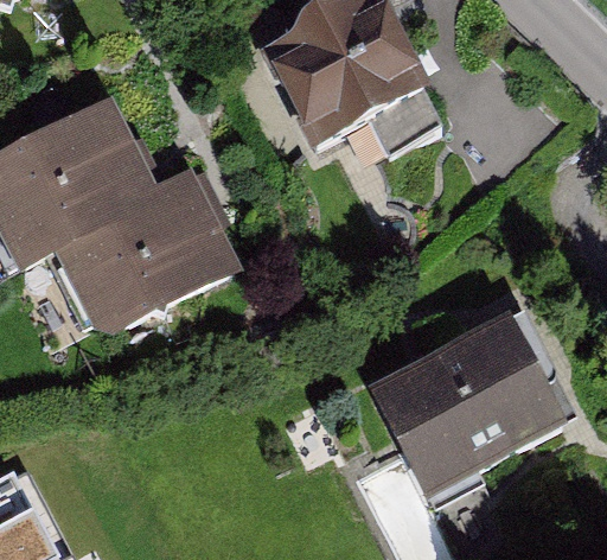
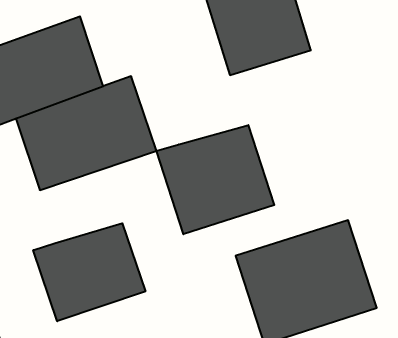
building: none -> [156,125,274,234]
building: none -> [33,223,145,321]

